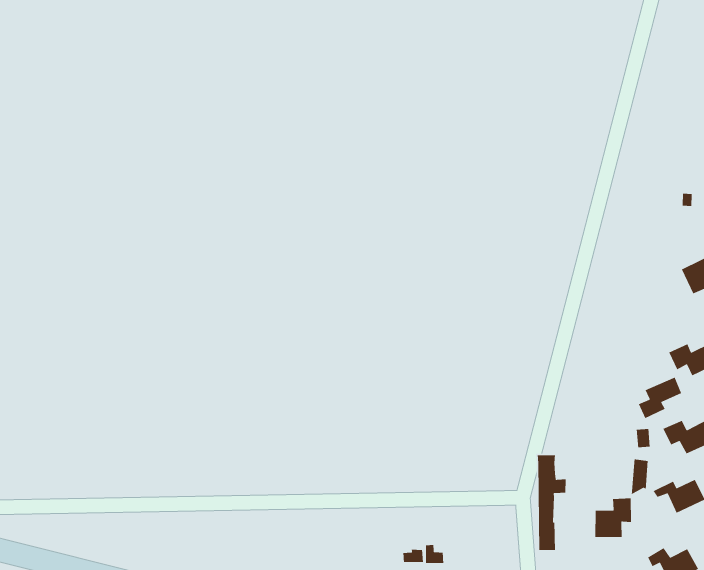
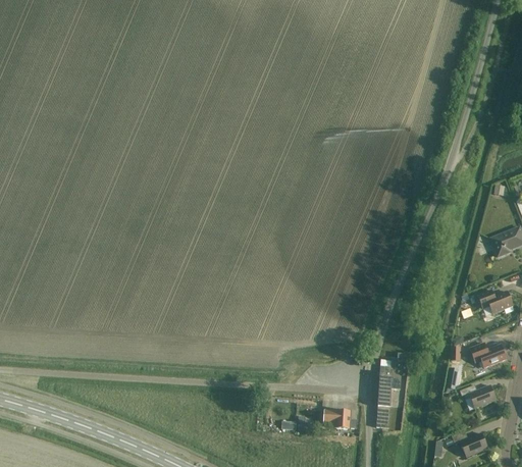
building: [638,376,682,419] -> none
building: [595,497,632,538] -> none
building: none -> [322,409,357,428]

